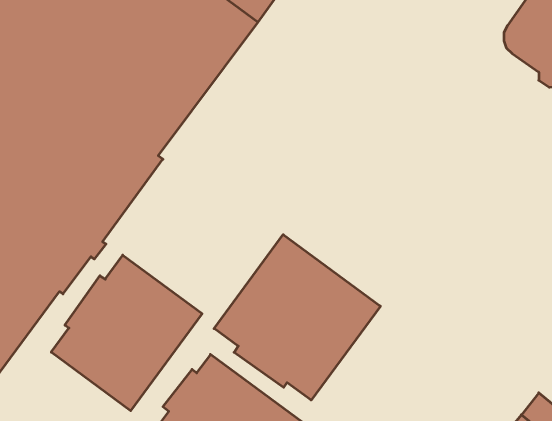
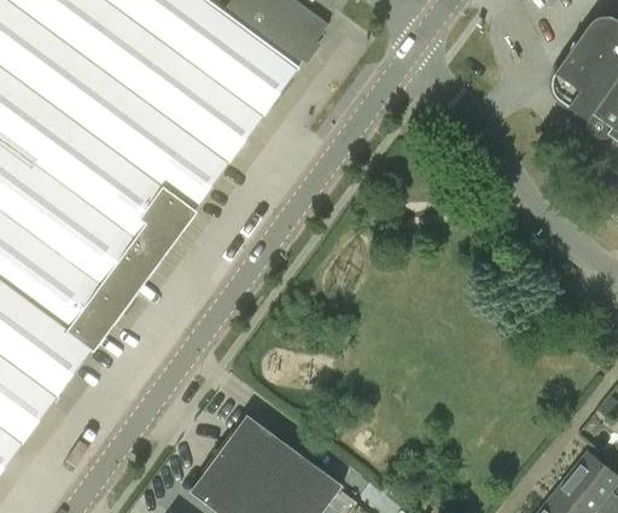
building: [214,235,380,400] -> none
building: [51,255,202,411] -> none

